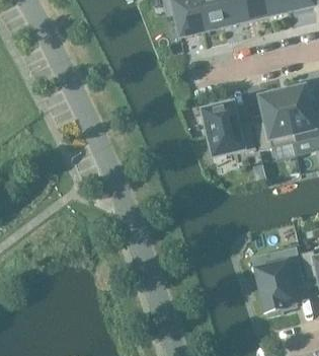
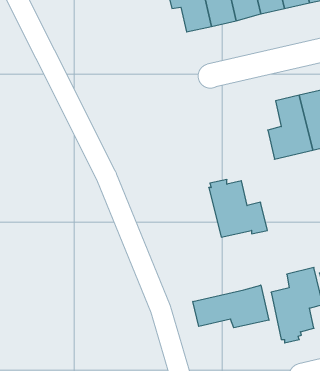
building: [203,103,255,155] -> [209,180,267,237]
building: none -> [193,285,269,328]

